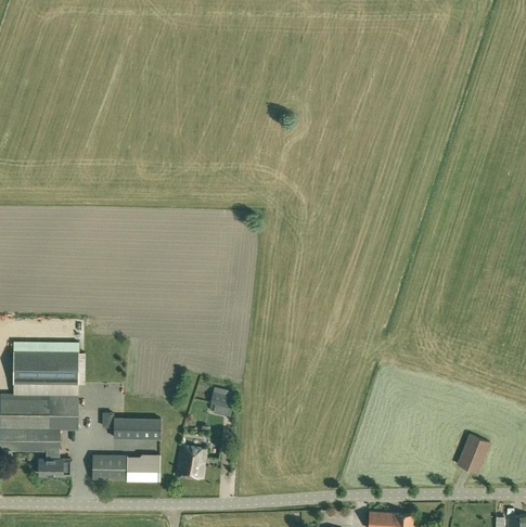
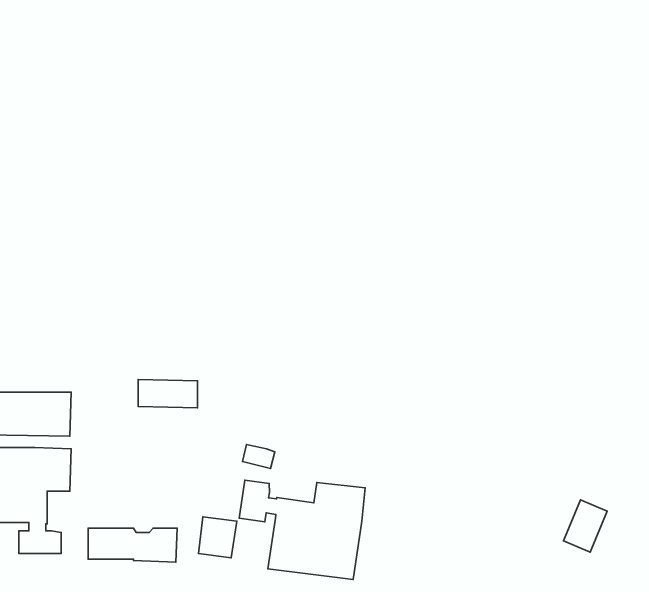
building: [115,416,161,438] -> [138,379,198,408]
building: none -> [239,480,365,580]

